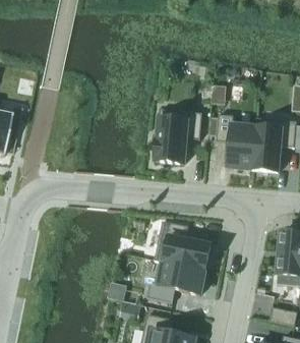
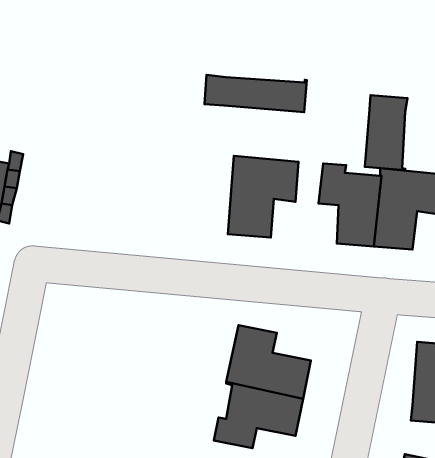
building: none -> [204,75,307,112]
building: none -> [365,95,408,170]

